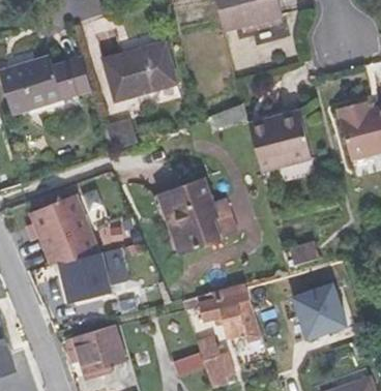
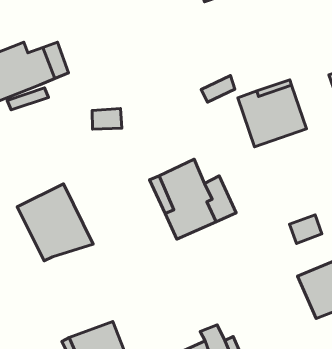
building: [101,42,177,106] -> none
building: [62,251,115,302] -> none
building: [198,283,263,341] -> none

